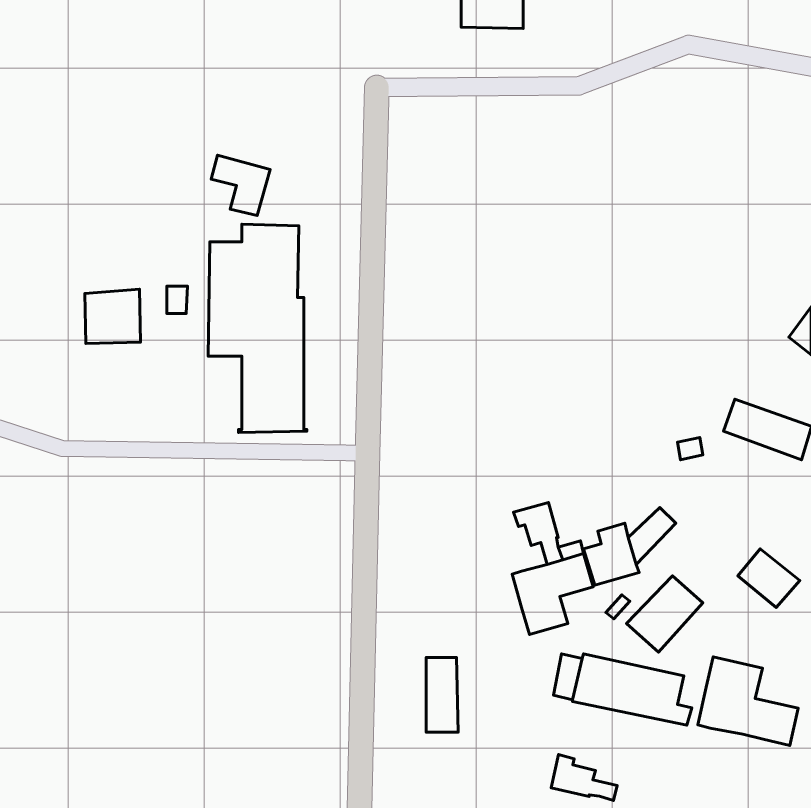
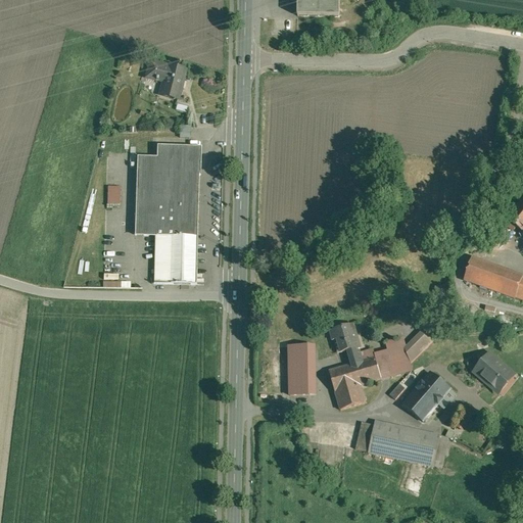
building: [211,155,270,216] -> [147,59,185,98]
building: [85,289,141,343] -> none
building: [698,657,798,746] -> none
building: [426,657,458,732] -> [289,344,310,392]
building: [551,755,617,801] -> none

